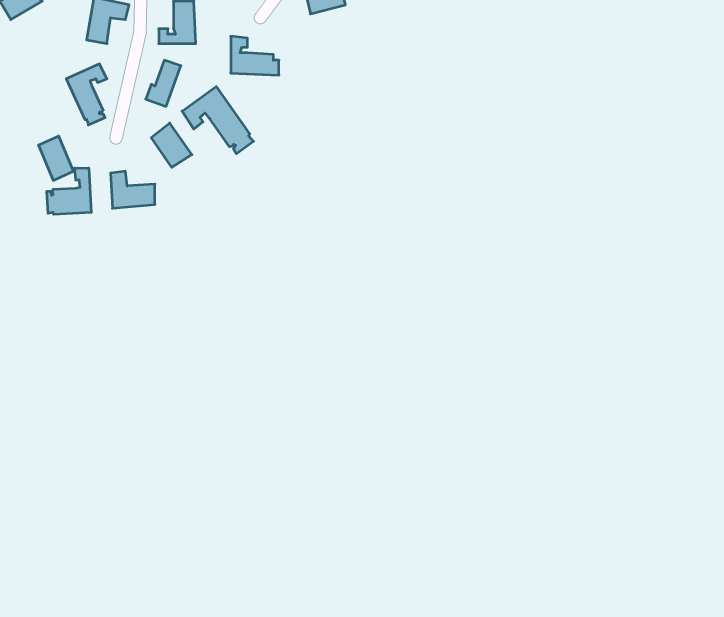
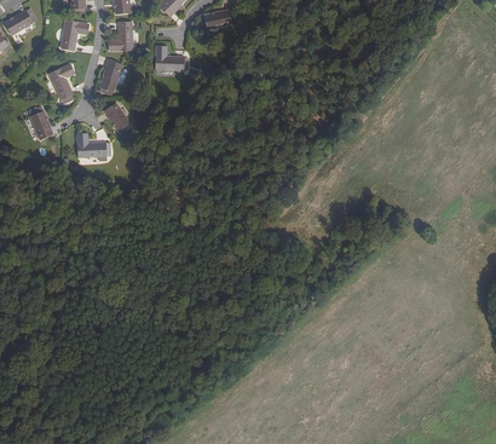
building: [182,87,254,154] -> none
building: [47,168,91,214] -> none

